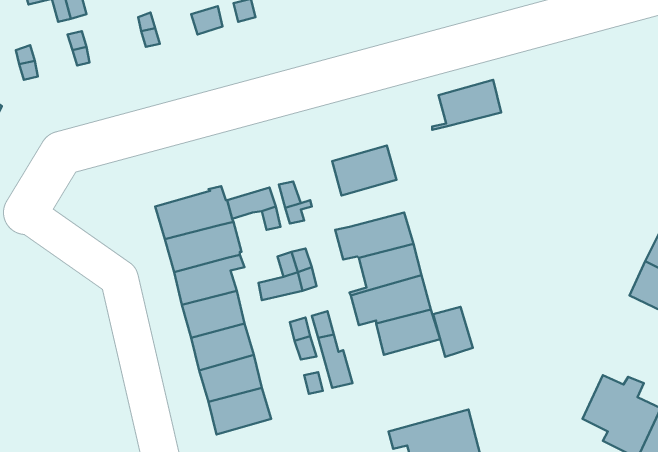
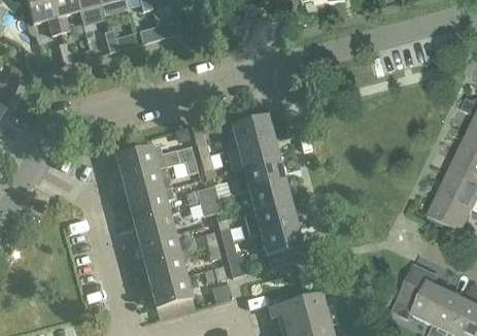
building: [432,80,501,130] -> [234,139,279,172]
building: [433,307,473,357] -> none

